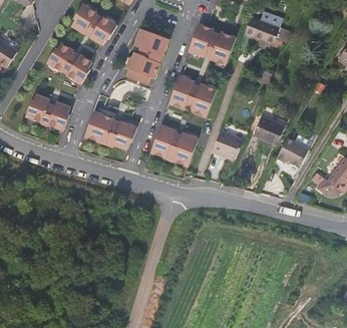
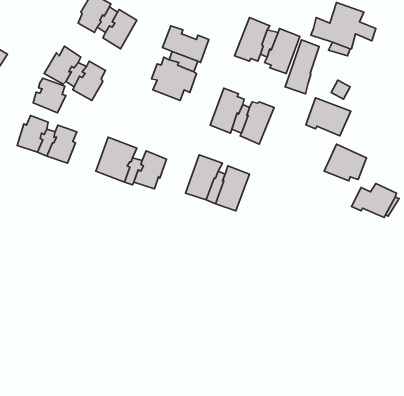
building: none -> [285,40,319,94]
building: none -> [33,78,66,113]
building: [212,128,245,156] -> [306,98,351,136]

